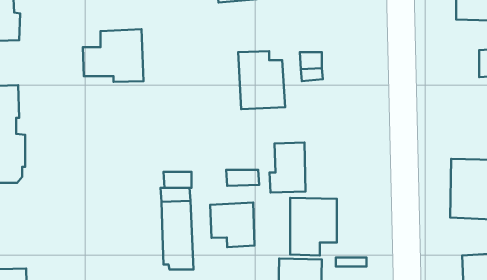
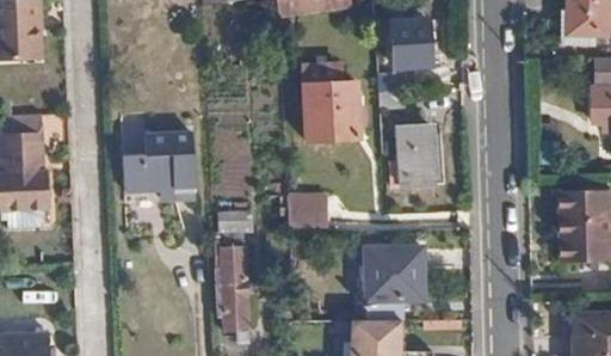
building: none -> [390,24,430,62]
building: [83,29,143,82] -> [118,143,191,207]
building: [270,143,305,192] -> [389,123,432,183]
building: [210,203,255,247] -> none

